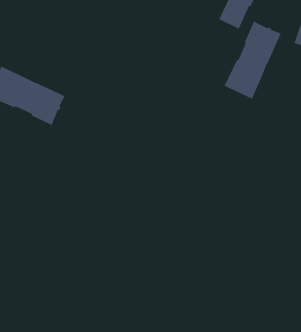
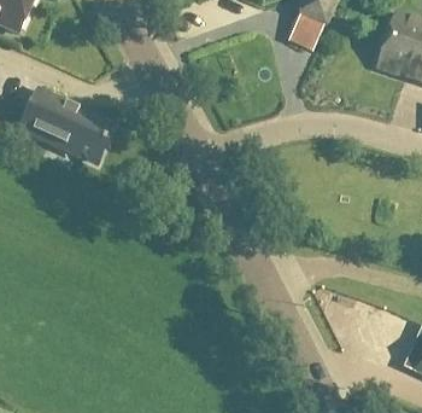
building: [223,20,282,100] -> none

